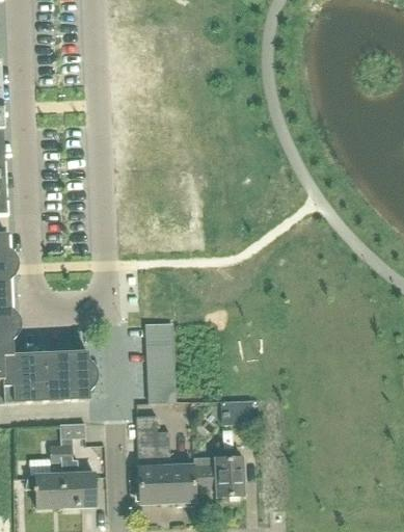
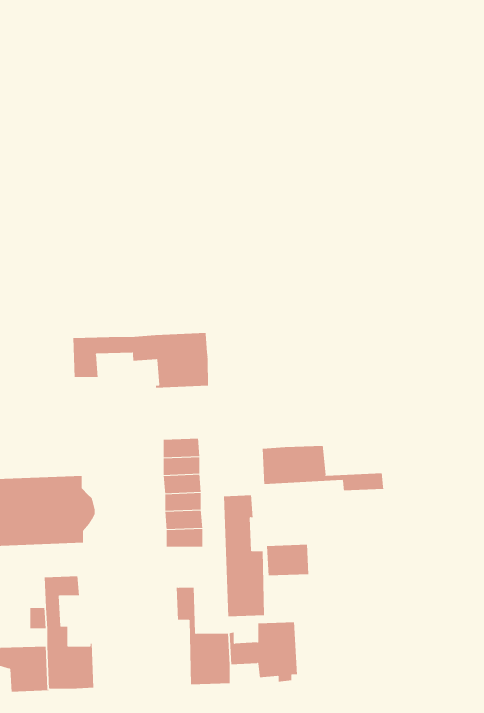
building: none -> [73,332,209,388]
building: none -> [262,445,384,491]
building: [135,414,165,502] -> [223,495,265,617]

